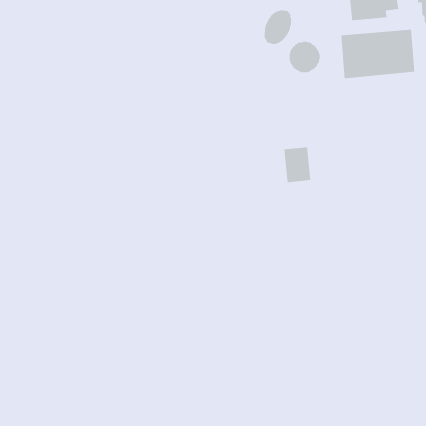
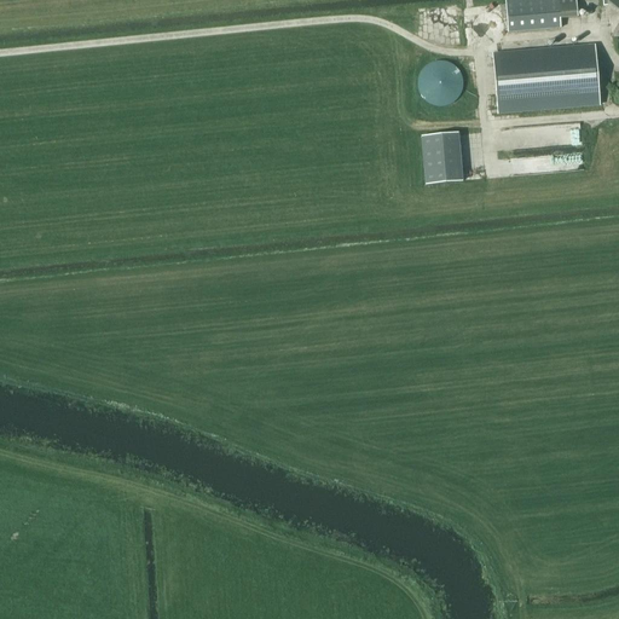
building: [264,9,292,45] -> none
building: [284,147,311,183] -> [422,132,462,184]

